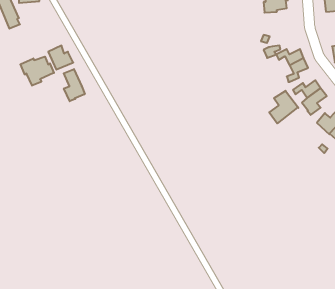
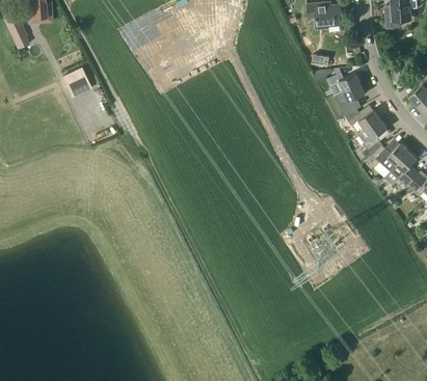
building: [20,57,54,86] -> none
building: [64,69,85,101] -> none
building: [269,91,298,123] -> none

